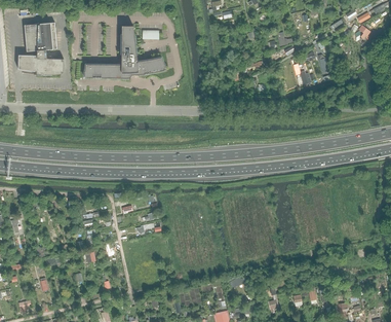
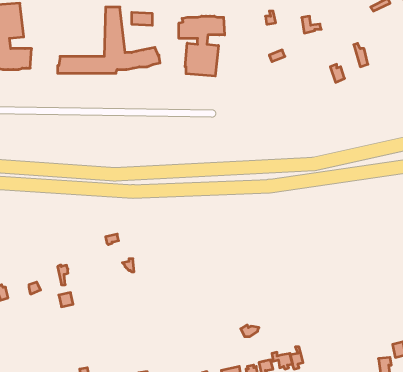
building: none -> [179,16,225,76]

